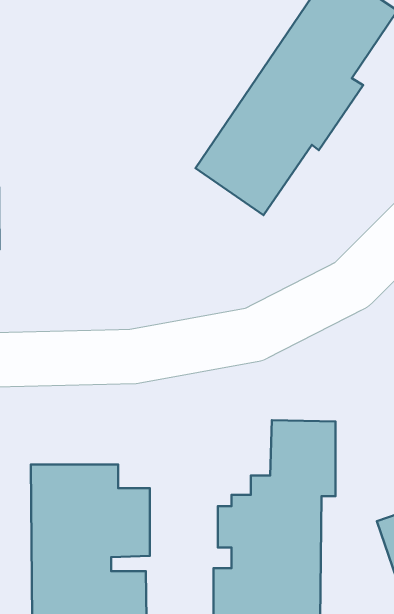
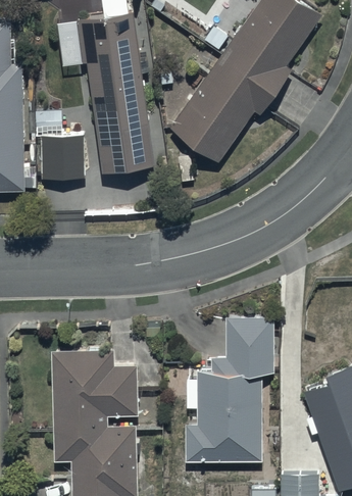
building: none -> [58,13,152,170]
building: none -> [40,135,85,179]

